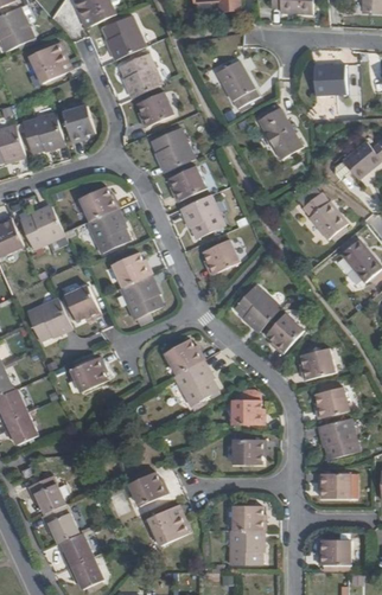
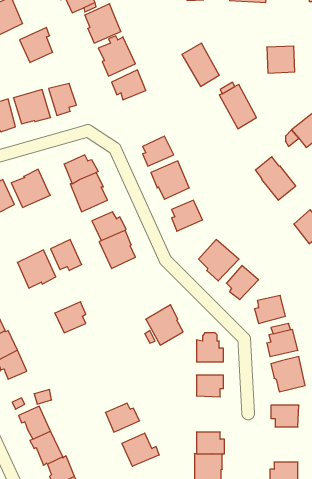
building: [151,127,193,172] -> none
building: [164,340,203,375] -> none

